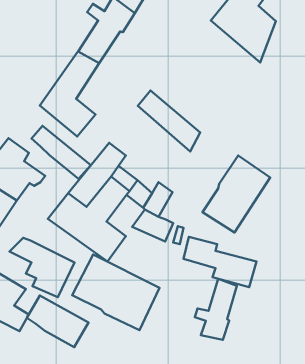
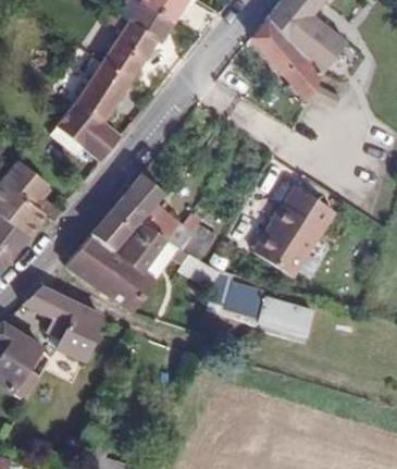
building: [138,90,200,152] -> [245,26,319,99]
building: [32,126,91,179] -> none
building: [72,255,160,330] -> none
building: [195,279,237,340] -> none
building: [27,296,89,347] -> none

